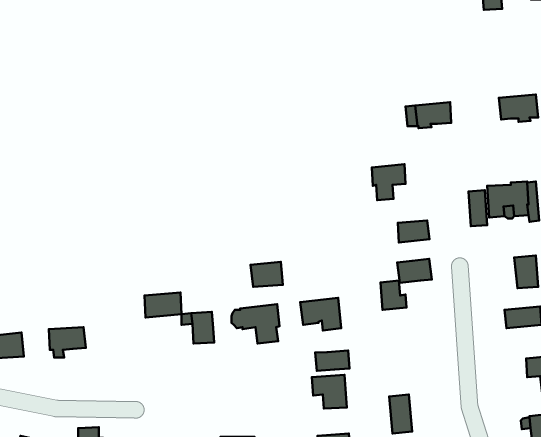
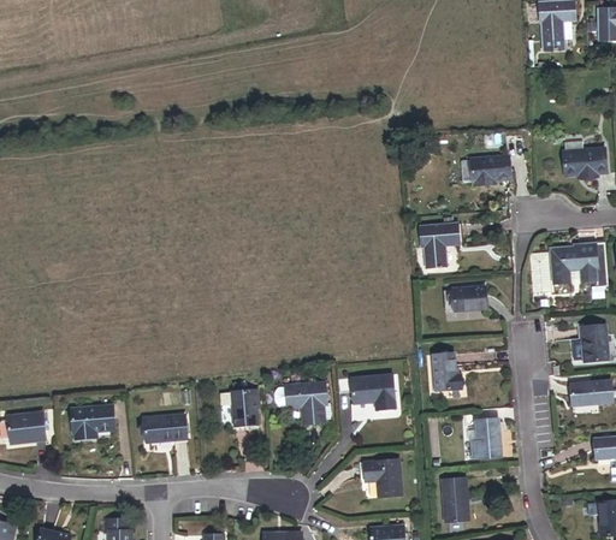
building: [397,259,432,283] -> none
building: [250,262,283,287] -> none
building: [145,292,181,317] -> [138,416,179,444]
building: none -> [478,420,504,458]
building: [315,350,350,371] -> none

